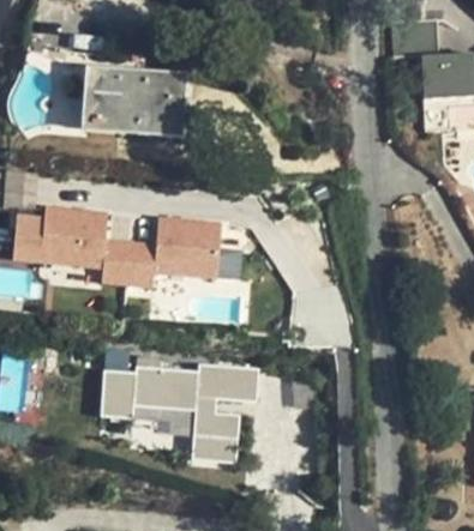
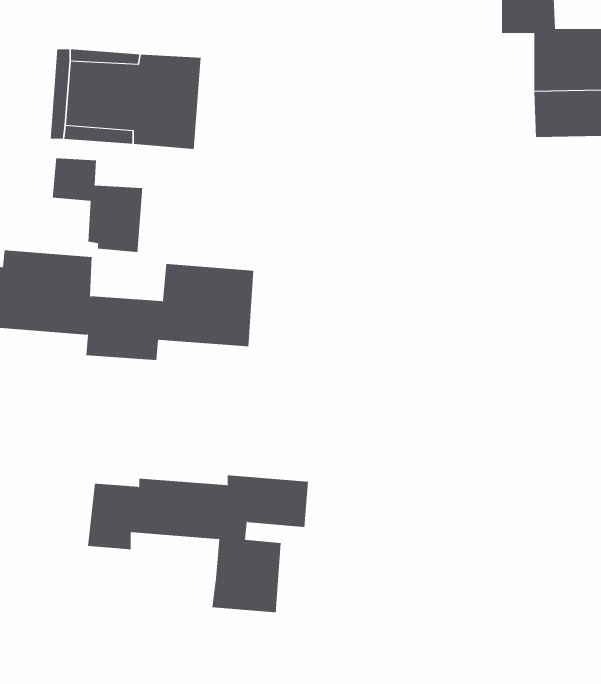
building: none -> [52,158,143,253]
building: [136,406,198,439] -> none

